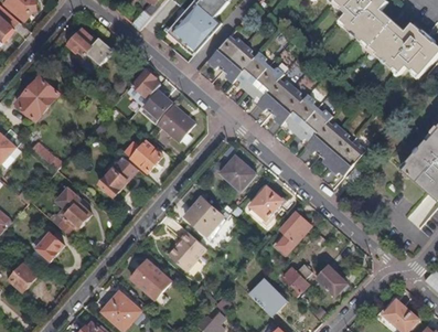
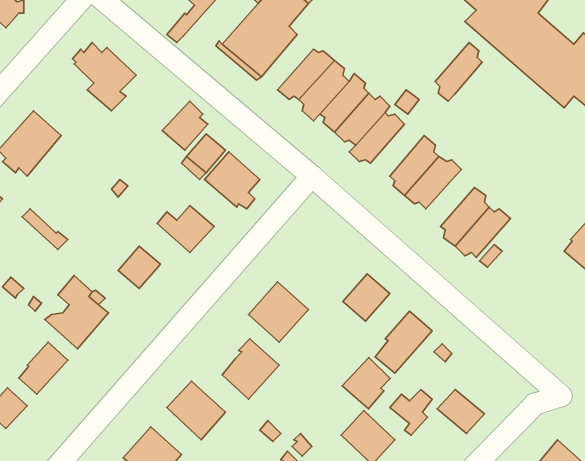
building: [269,85,301,125] -> [435,43,482,101]
building: [303,120,340,154] -> none
building: [220,153,256,190] -> none
building: none -> [342,357,390,409]

